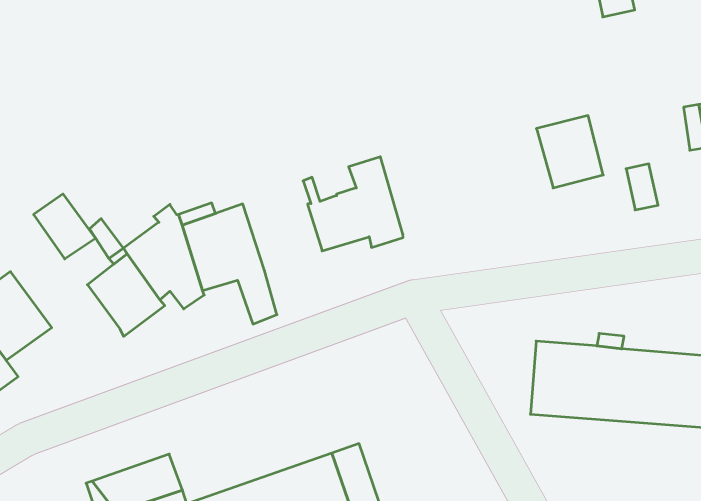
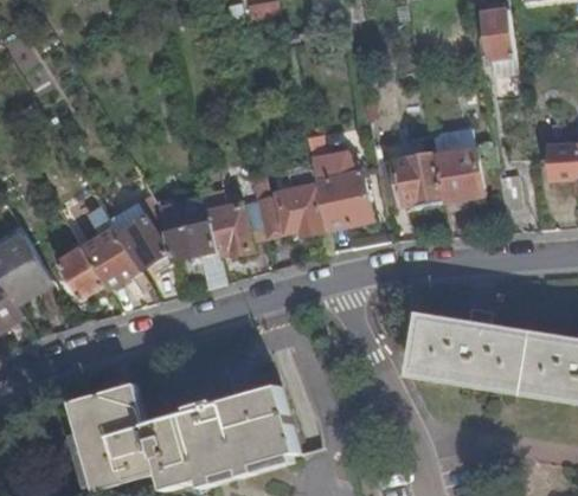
building: none -> [304,134,371,227]
building: none -> [374,152,442,205]
building: [34,194,96,259] -> [57,249,103,298]
building: none -> [204,189,262,253]

